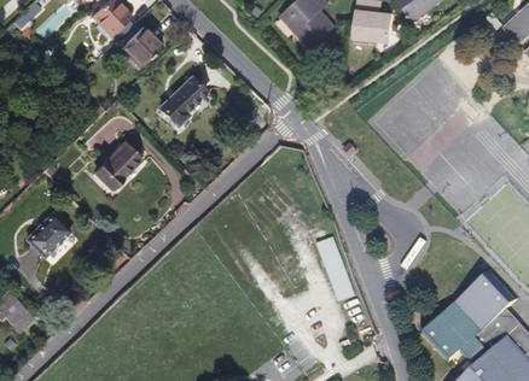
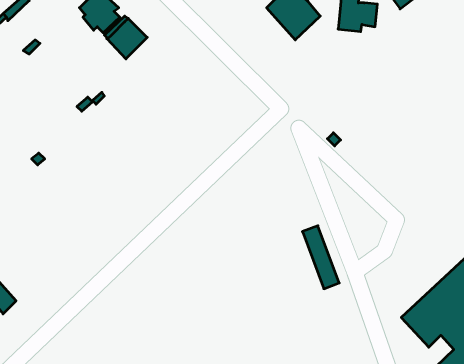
building: [161,76,208,125] -> none
building: [97,142,143,189] -> none
building: [31,213,75,257] -> none

